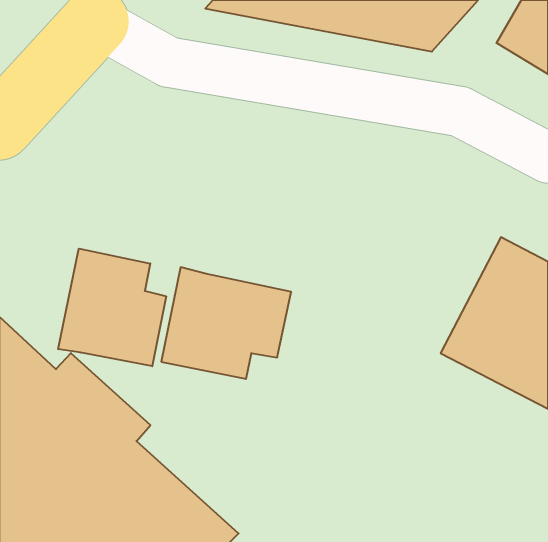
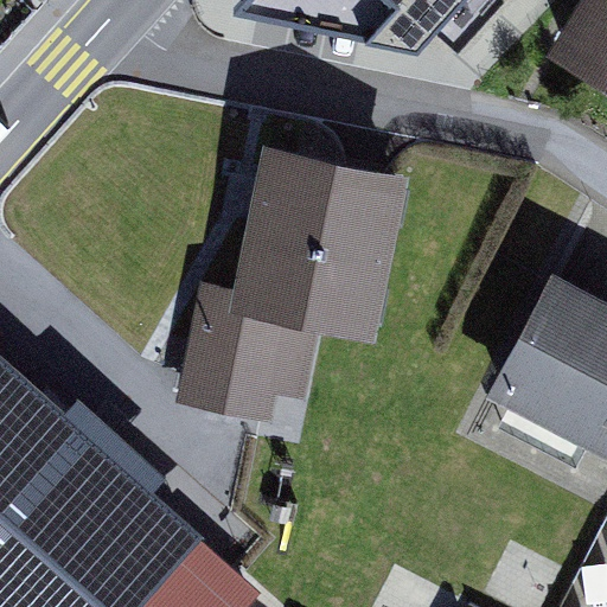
building: none -> [228,143,410,340]
building: [58,249,166,366] -> none

